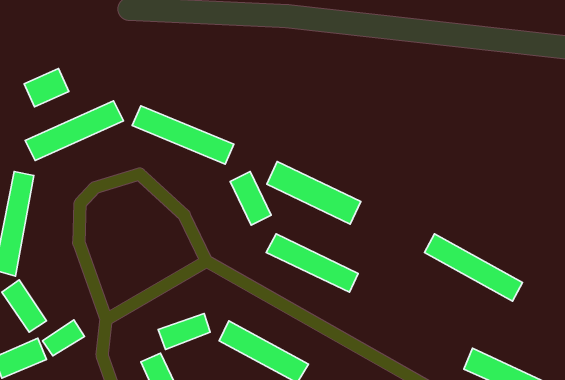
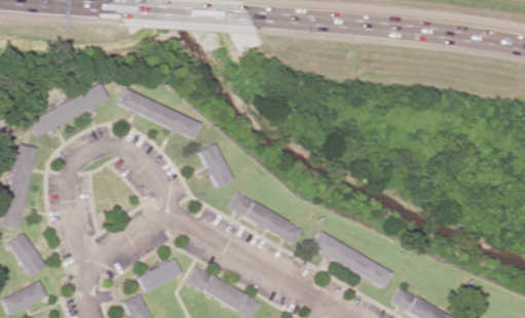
building: [24,68,69,107] -> none
building: [267,162,361,224] -> none
building: [424,234,523,301] -> [311,232,392,287]
building: [43,320,84,356] -> none

